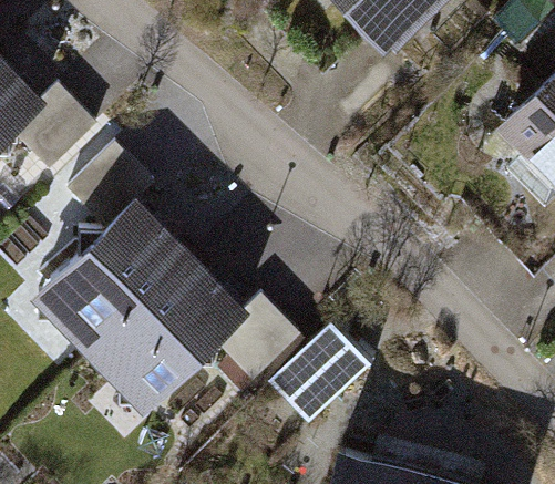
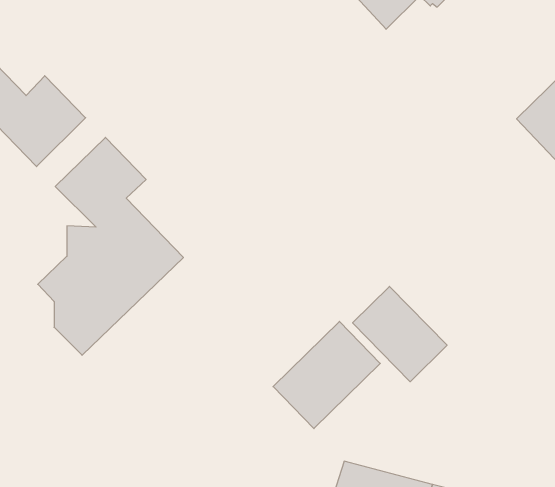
building: [91,258,298,395] -> none
building: none -> [353,286,447,382]

